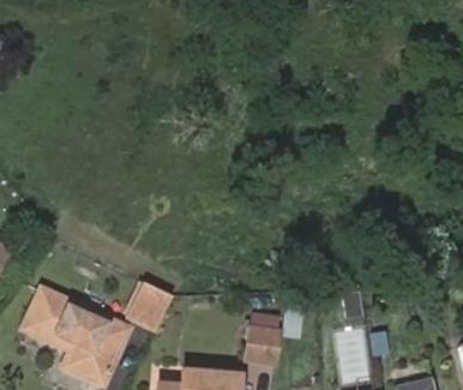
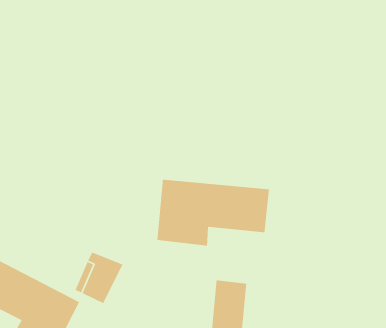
building: none -> [156,179,270,246]

